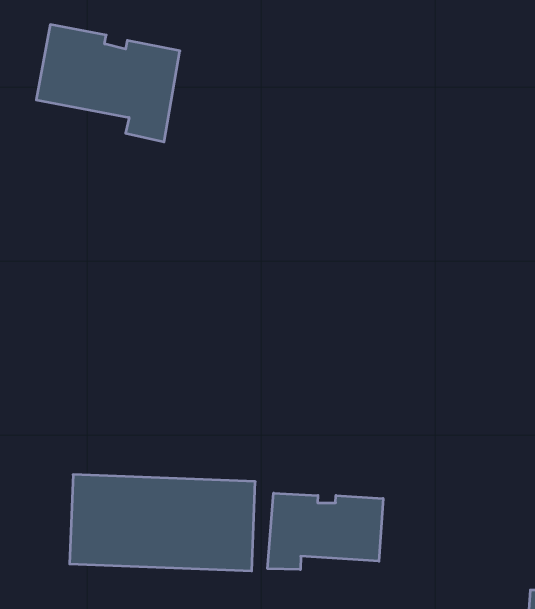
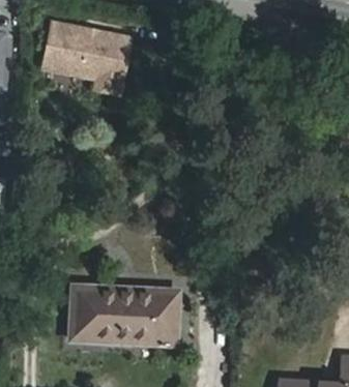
building: [268,493,383,570] -> none

